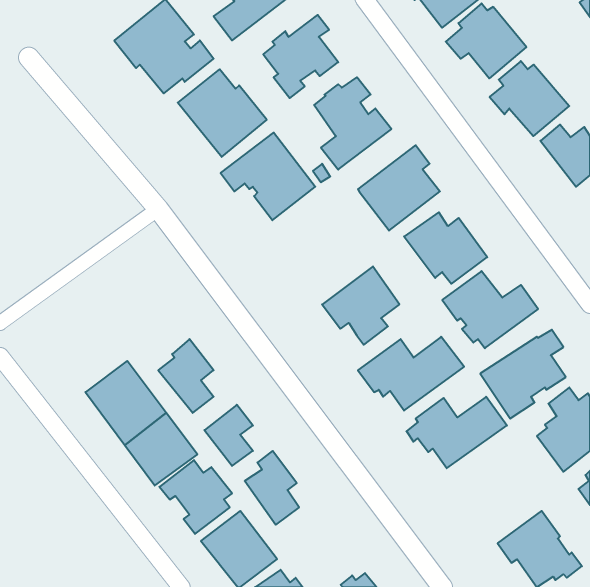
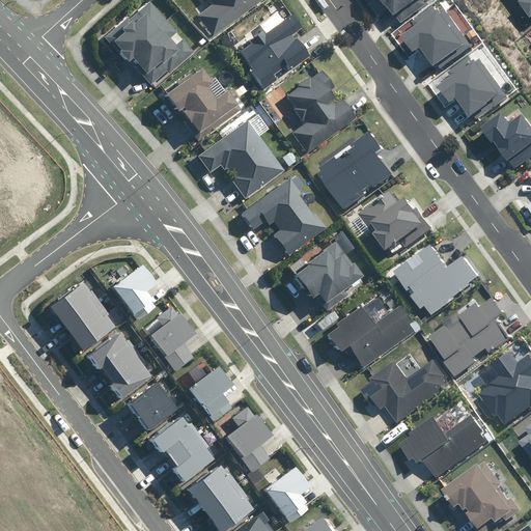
building: none -> [242,176,327,255]
building: none -> [107,262,156,319]
building: none -> [44,279,111,348]
building: none -> [401,414,490,476]
building: none -> [257,465,305,521]

